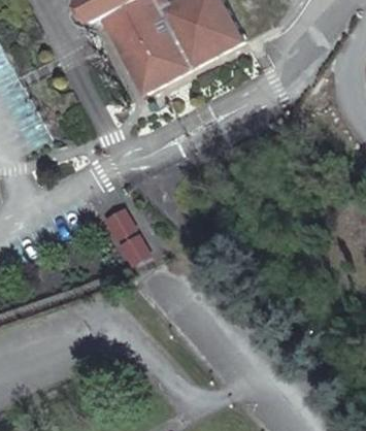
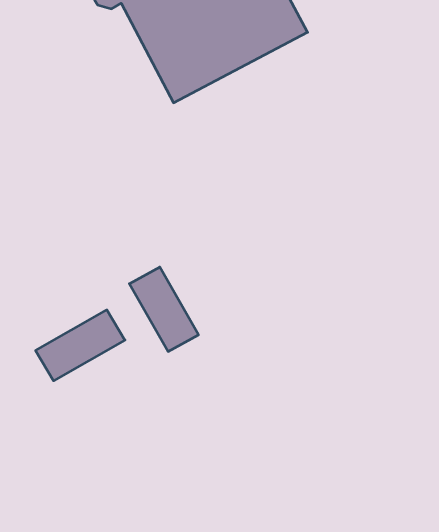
building: none -> [36,310,125,381]

